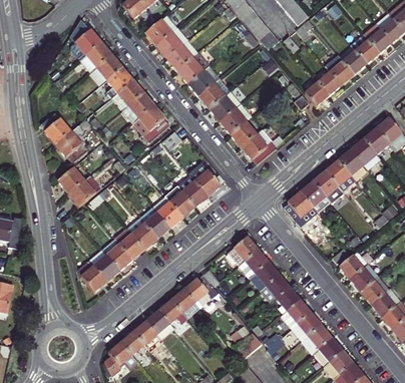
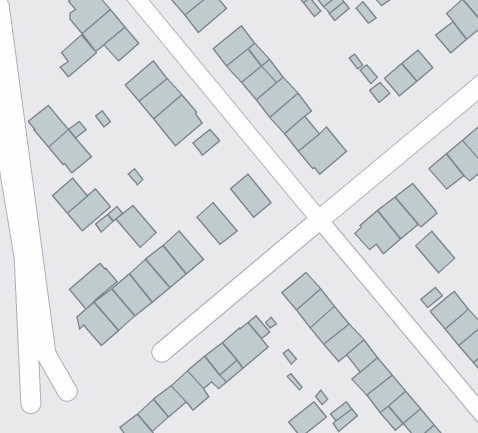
building: [166,40,198,70] -> none
building: [325,54,354,84] -> none
building: [106,66,133,97] -> [60,35,96,77]
building: [326,159,355,190] -> [416,231,455,273]
building: [177,174,208,206] -> none
building: [152,196,182,227] -> [116,206,156,247]
building: none -> [69,263,117,309]

